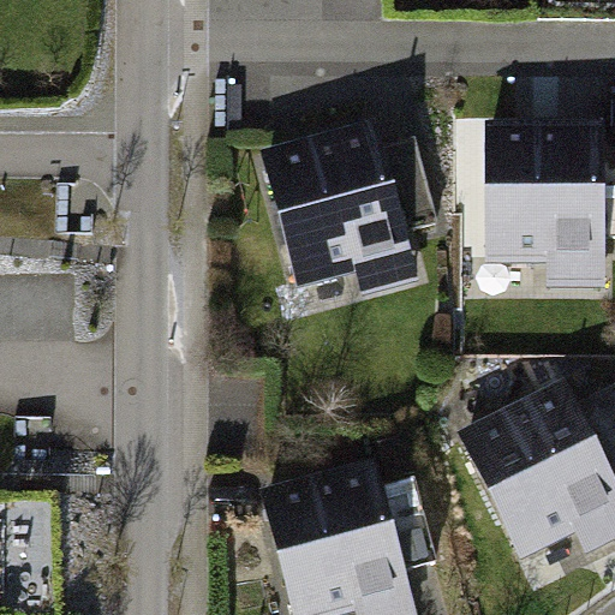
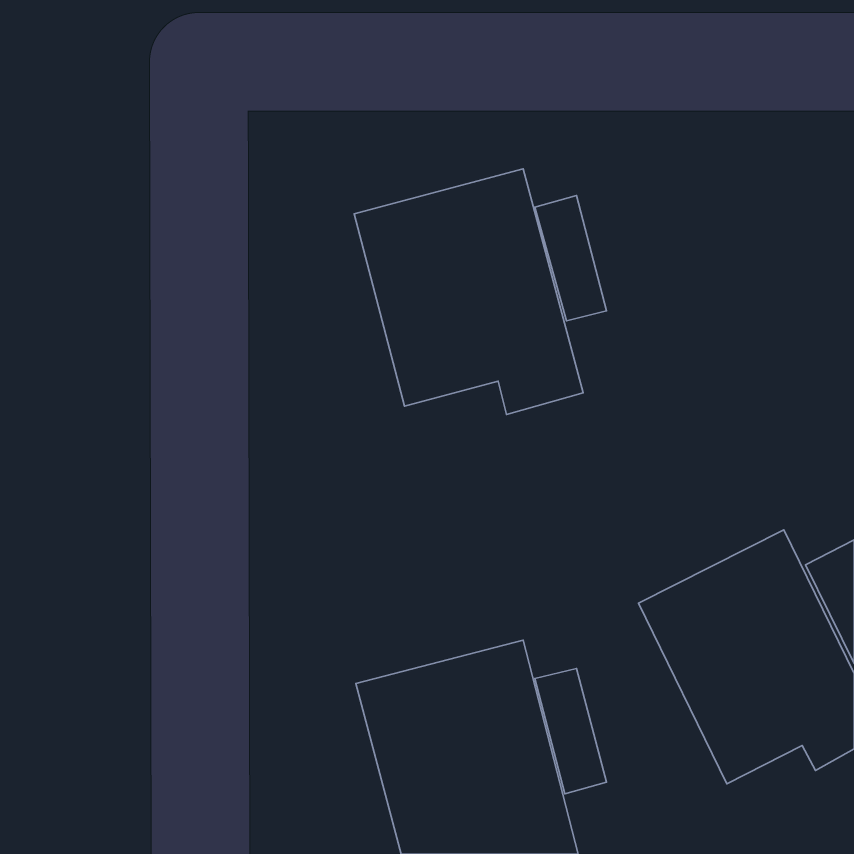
building: [483,124,607,288] -> none

